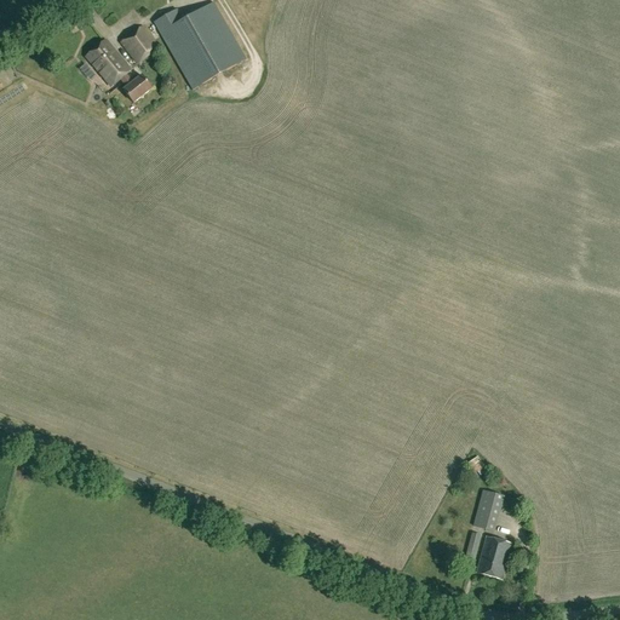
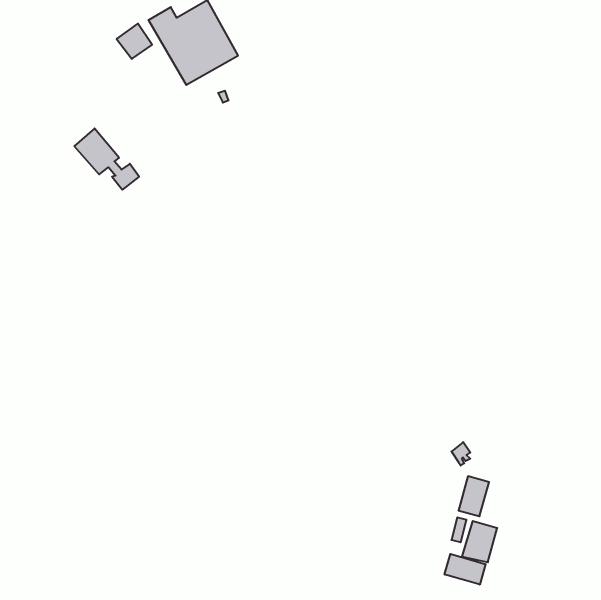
building: [84,38,150,101] -> [74,128,139,190]
building: none -> [445,554,486,585]

